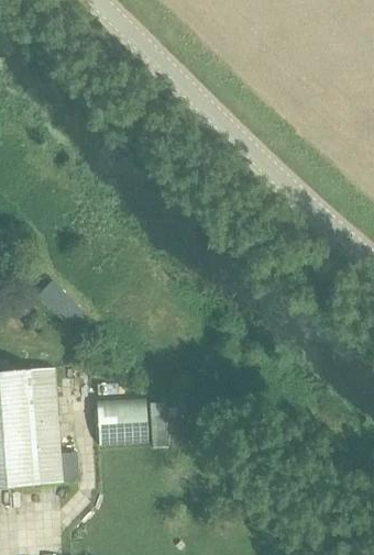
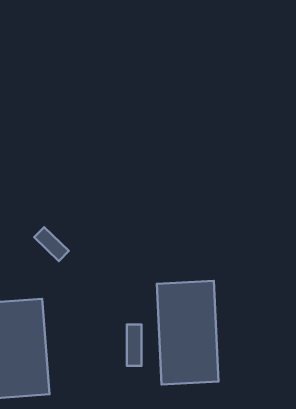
building: none -> [157,281,219,384]
building: [98,399,149,445] -> none

